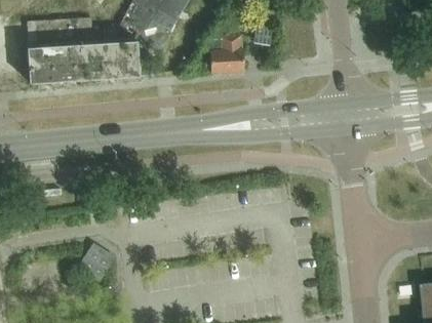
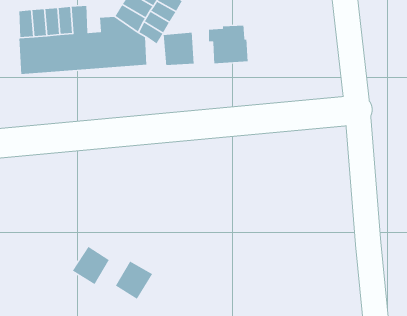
building: none -> [163,32,195,66]
building: none -> [115,260,153,300]

